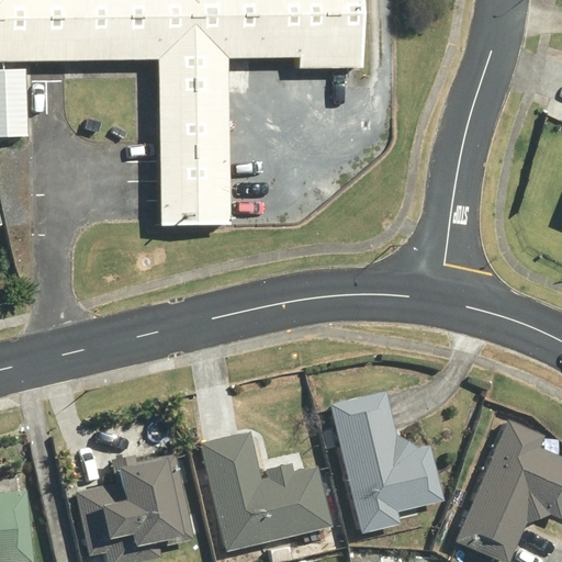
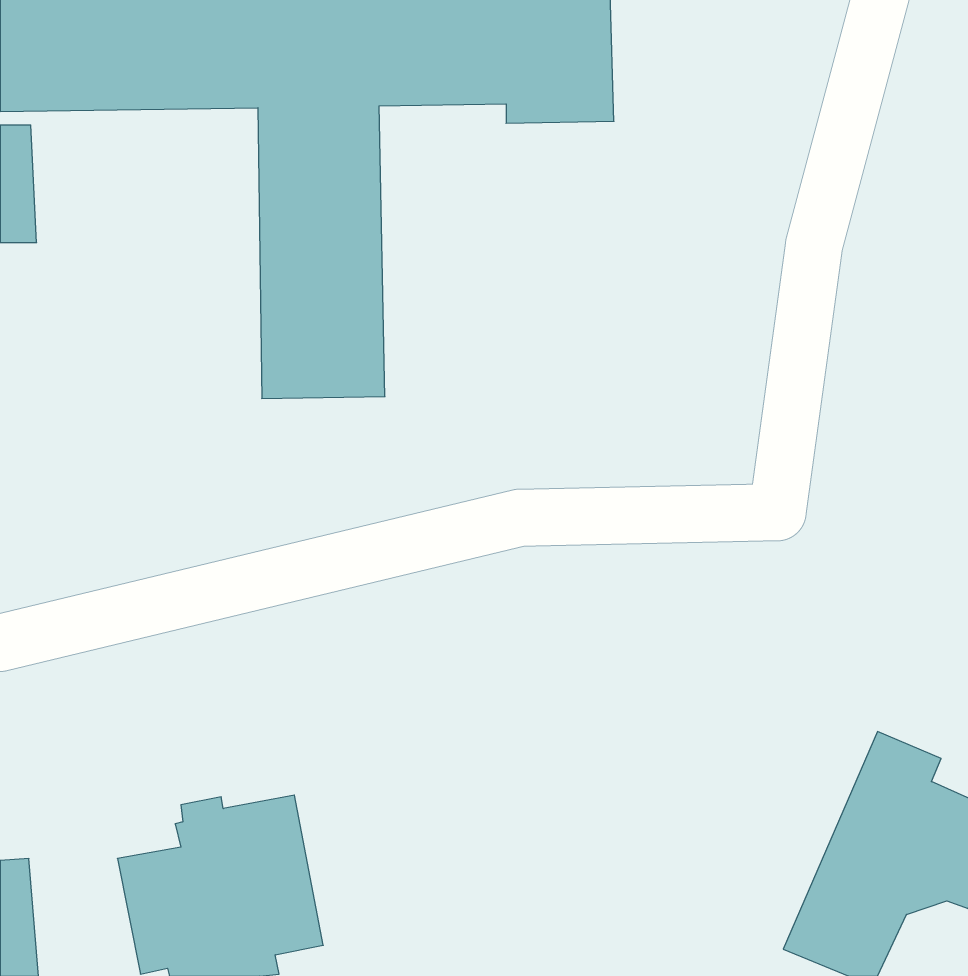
building: [330,390,442,532] -> none
building: [200,430,330,551] -> none

